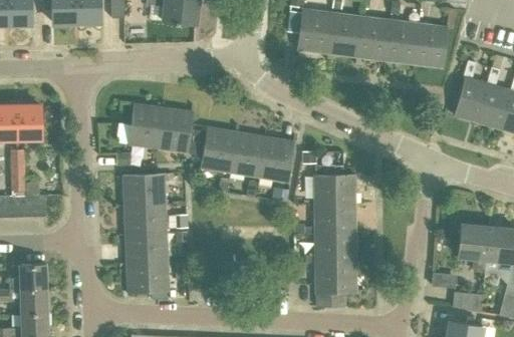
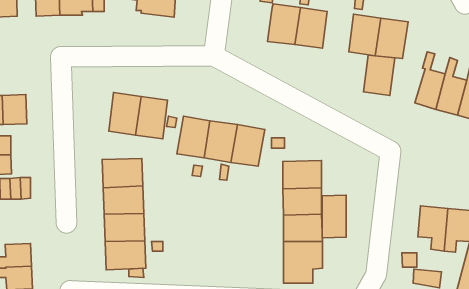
building: [356,17,390,60] -> [364,55,395,96]
building: none -> [322,195,346,238]

